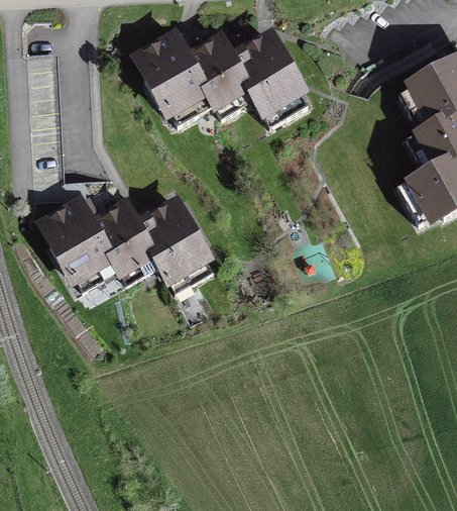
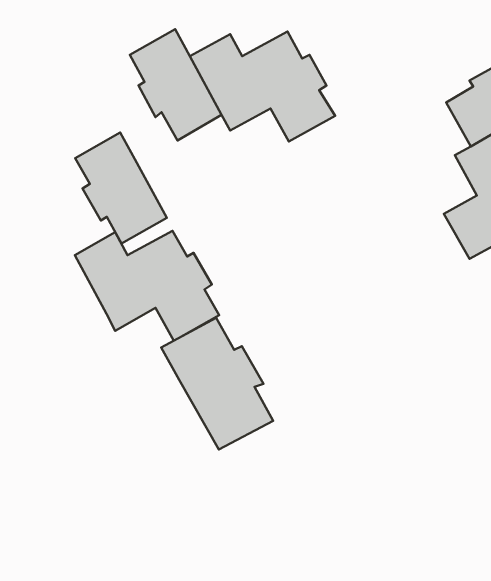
building: [43,194,119,286] -> [75,132,167,244]
building: none -> [161,318,273,450]

